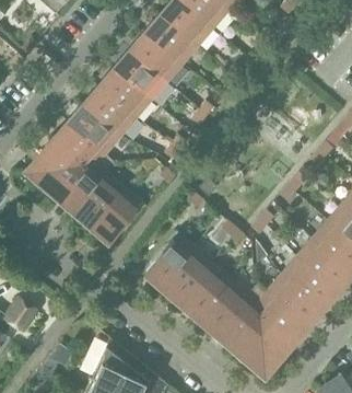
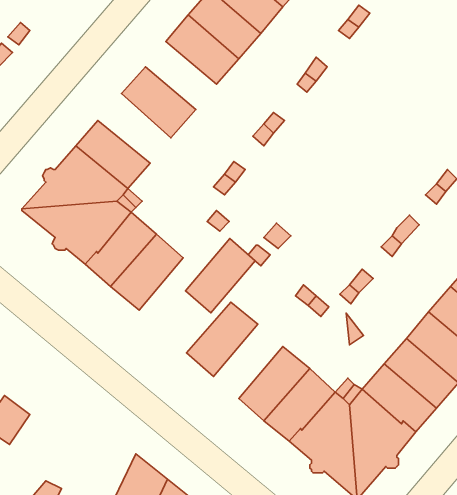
building: [116,51,165,99] -> none
building: [83,88,133,136] -> none
building: [163,247,211,299] -> [185,239,255,313]

